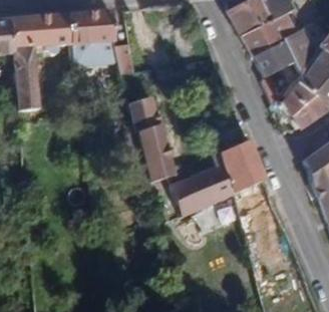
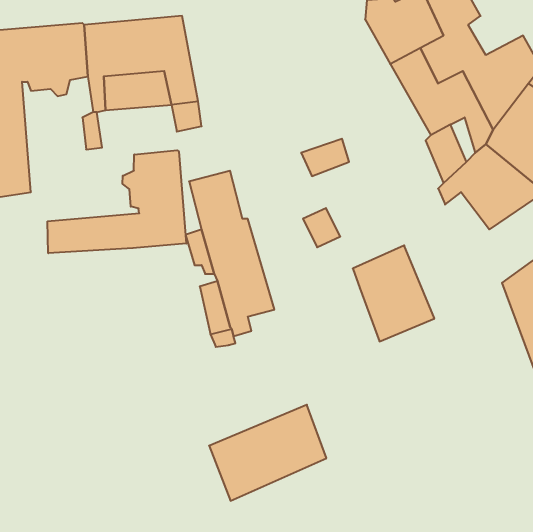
building: none -> [48,150,186,253]
building: [170,163,236,217] -> [209,405,326,501]

